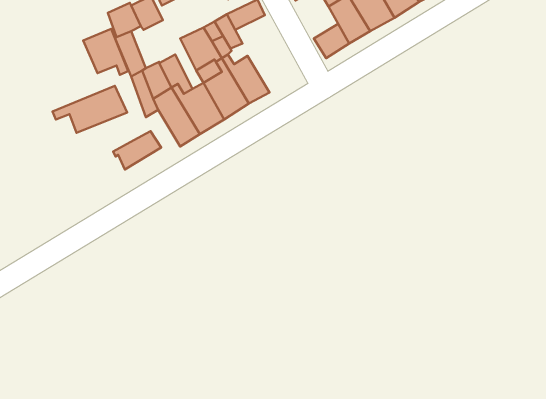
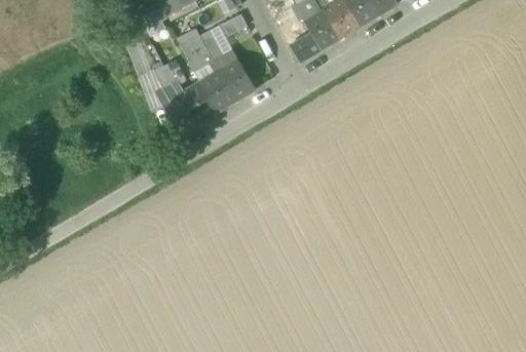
building: [83,29,128,75] -> none
building: [53,86,127,133] -> none
building: [113,131,161,170] -> none

